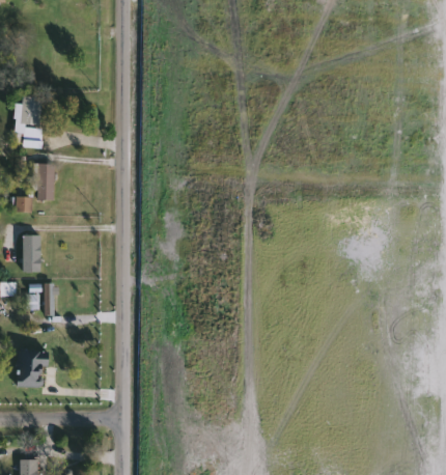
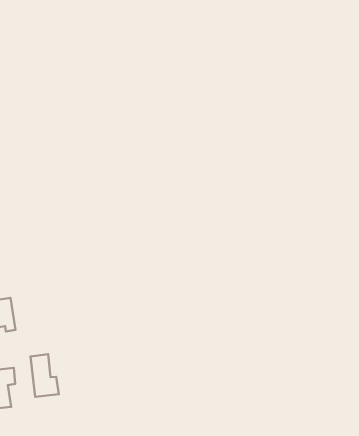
building: none -> [31,354,59,397]

